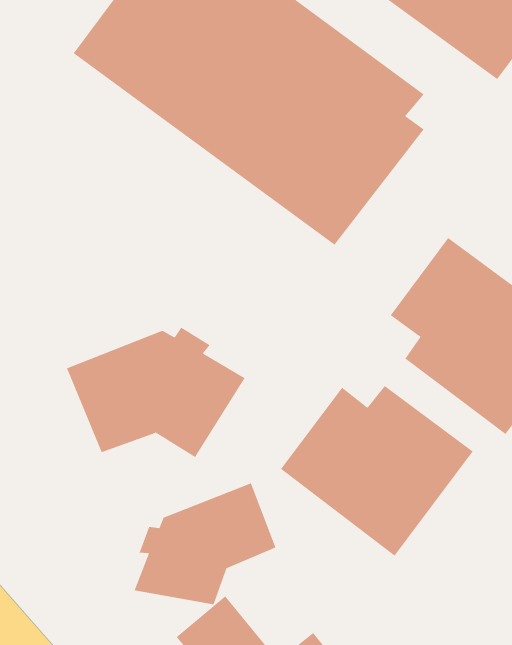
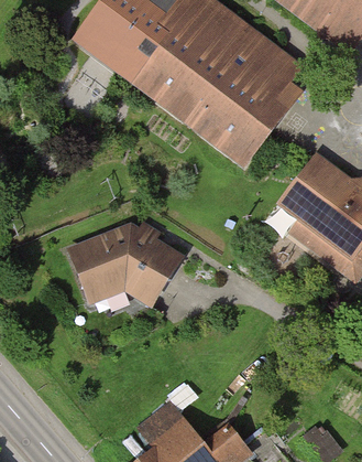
building: [280,385,473,557] -> none
building: [134,482,276,605] -> none

